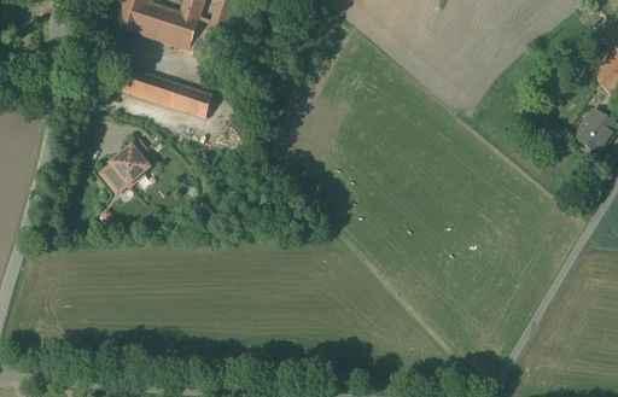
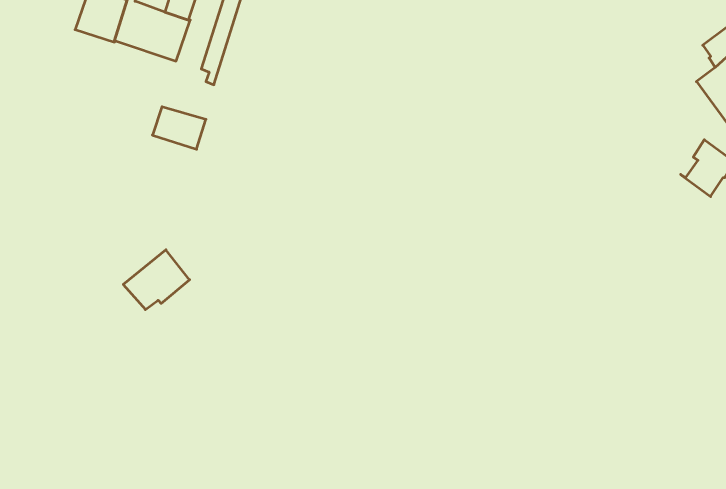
building: [113,64,179,106] -> none
building: [101,147,152,193] -> [123,250,190,310]

